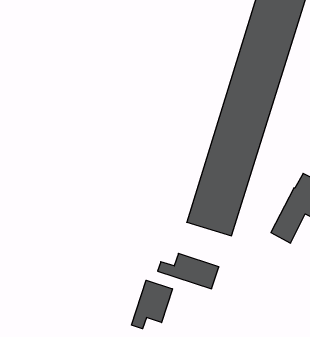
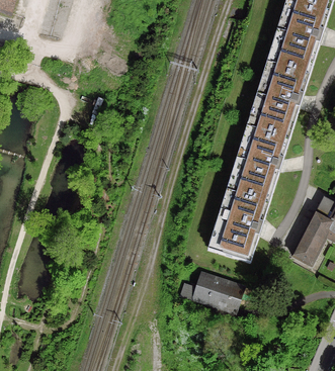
building: [131,280,172,329] -> none

